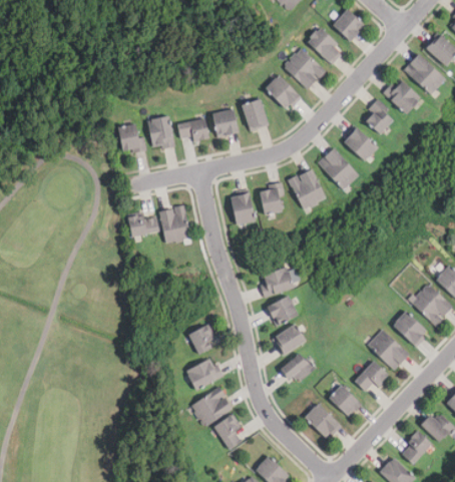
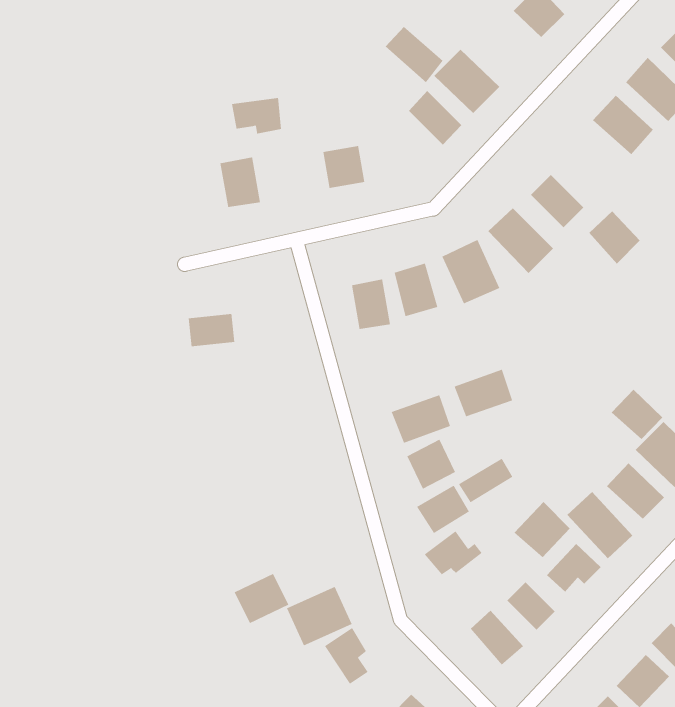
building: [307,28,344,64] -> [385,26,444,83]
building: [242,99,269,130] -> none
building: [362,100,395,134] -> [588,211,641,264]
building: [176,119,208,142] -> [231,98,282,134]
building: [118,124,141,152] -> none
building: [158,207,188,243] -> none
building: none -> [454,369,513,417]
building: none -> [611,389,663,440]
building: none -> [458,458,513,503]
building: [187,325,215,355] -> none
building: none -> [514,501,571,558]
building: [184,359,219,391] -> [234,573,289,624]

